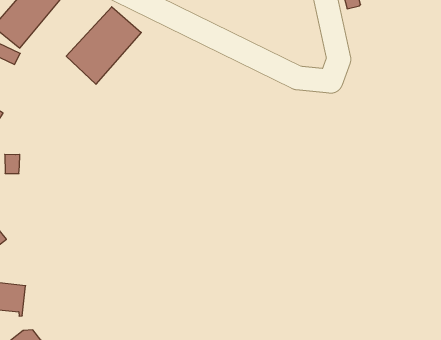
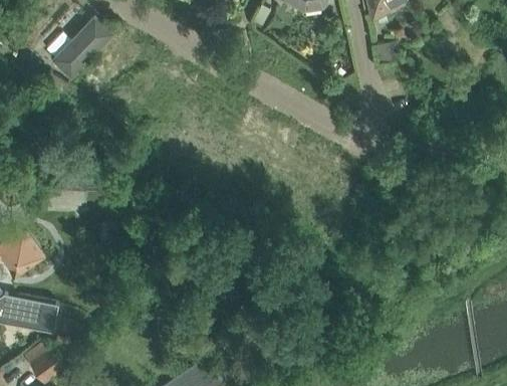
building: [66,7,141,84] -> none

